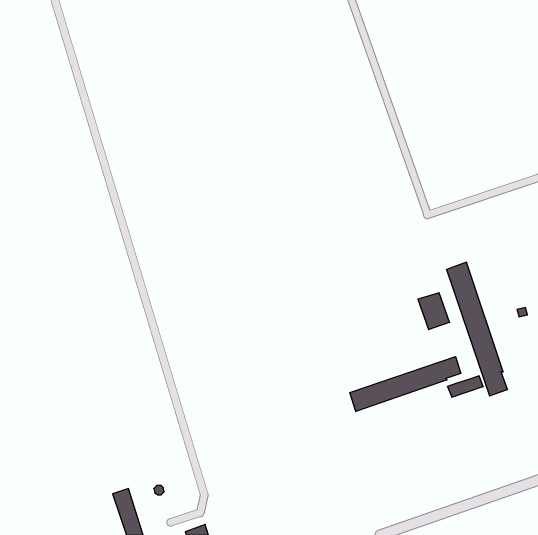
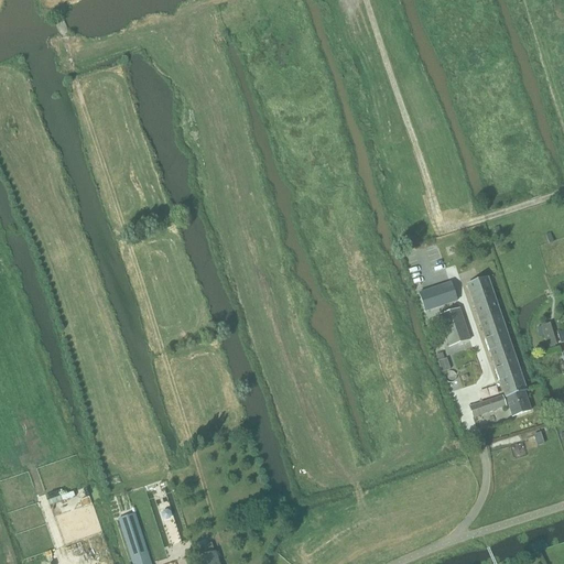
building: none -> [417,279,457,311]
building: [350,357,461,412] -> none

